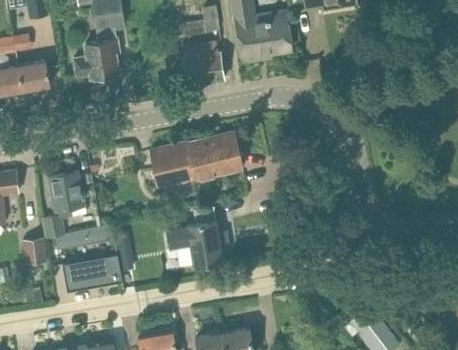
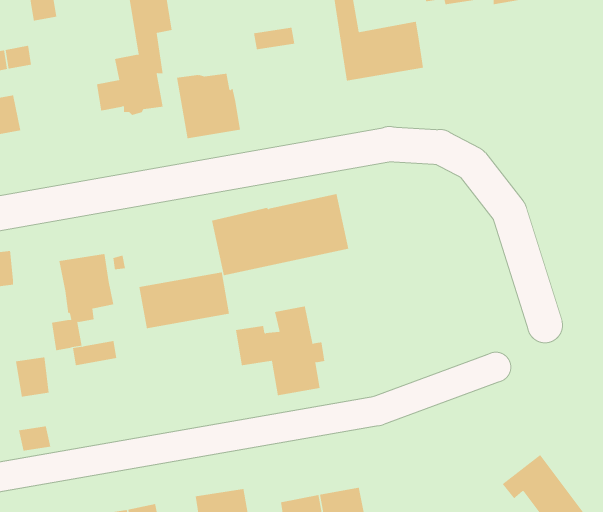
building: [181,42,224,86] -> [176,73,241,139]
building: [18,62,50,91] -> none
building: [61,255,122,293] -> [139,272,230,329]

